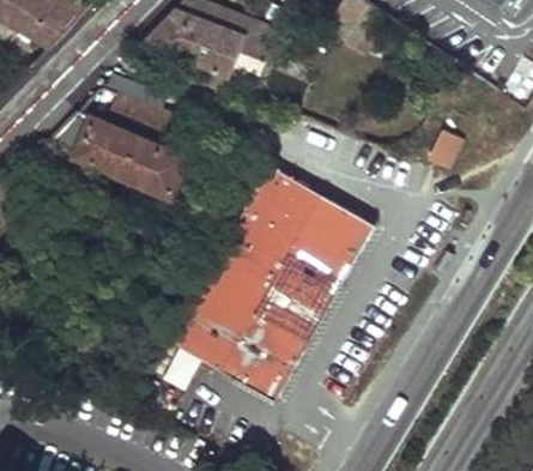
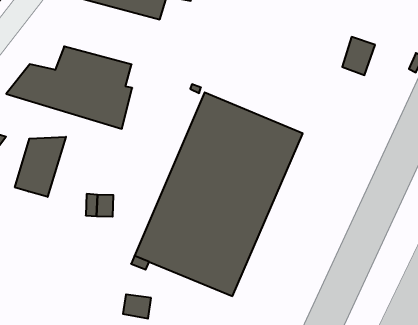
building: none -> [15,137,66,197]

